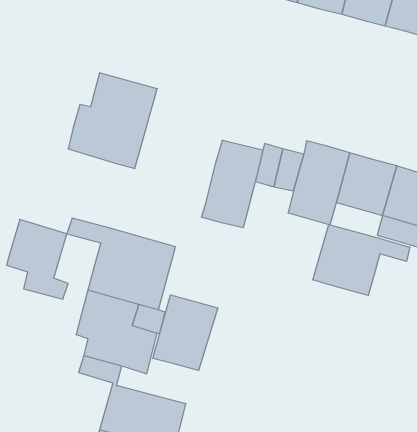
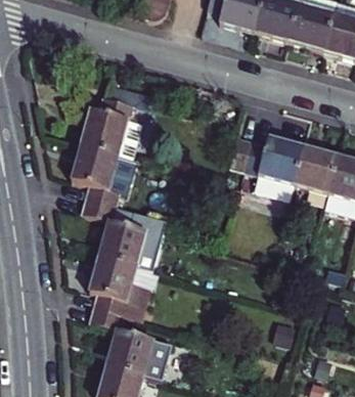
building: [202,140,263,228] -> none
building: [7,219,68,299] -> [71,145,119,208]
building: [313,224,410,296] -> none
building: [153,295,218,371] -> none

